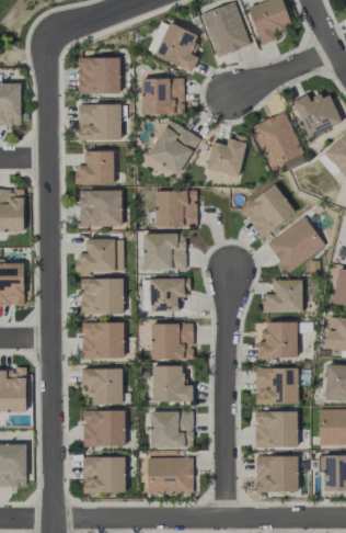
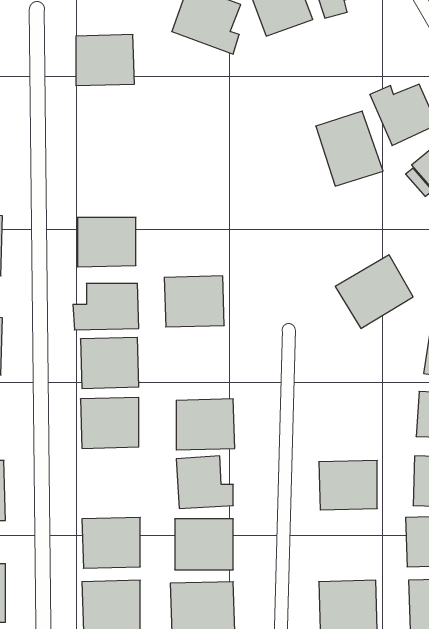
building: [142,78,184,114] -> none
building: [78,103,122,140] -> none
building: [147,120,200,174] -> none
building: [207,133,247,177] -> none
building: [74,150,114,183] -> none
building: [240,183,296,237] -> none
building: [154,190,197,227] -> none
building: [149,277,188,311] -> none
building: [263,279,302,313] -> none
building: [257,321,297,358] -> none
building: [81,367,123,404] -> none
building: [254,410,297,447] -> none

